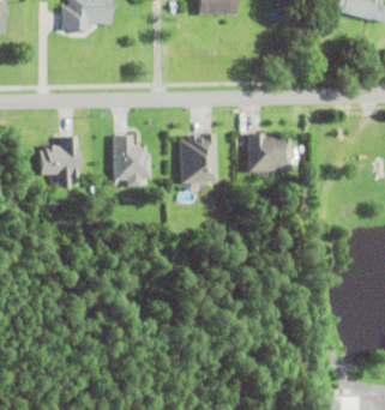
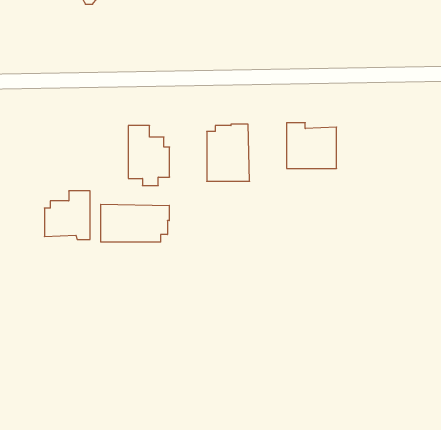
building: [40,137,78,177] -> [44,191,90,239]
building: none -> [101,204,169,242]

